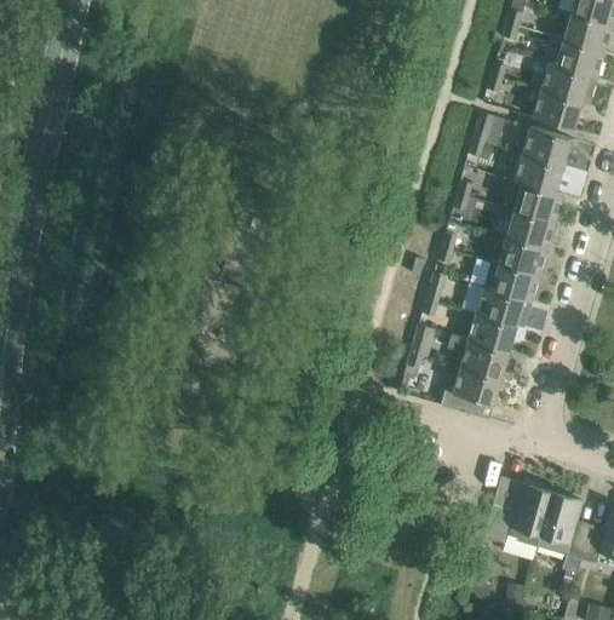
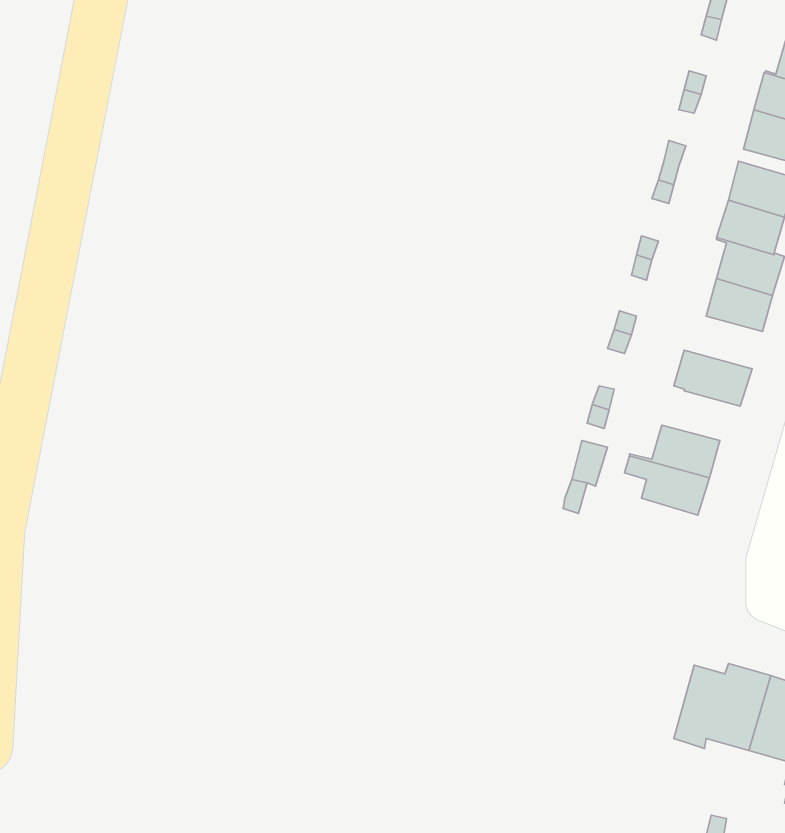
building: [490,235,546,272] -> none
building: [475,285,530,326] -> none
building: [441,364,500,414] -> none

